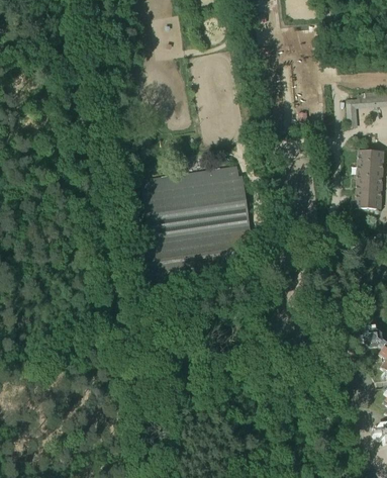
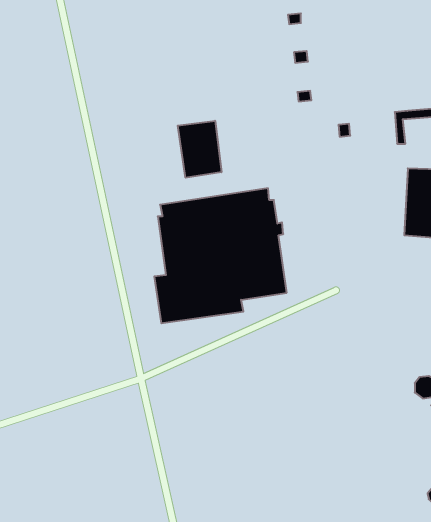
building: none -> [178,121,221,178]

